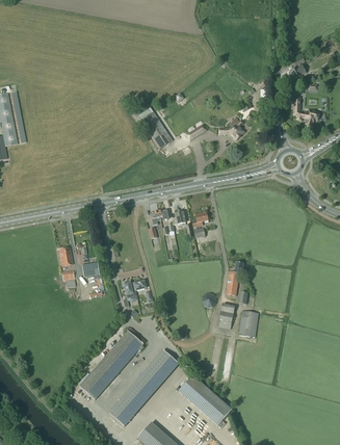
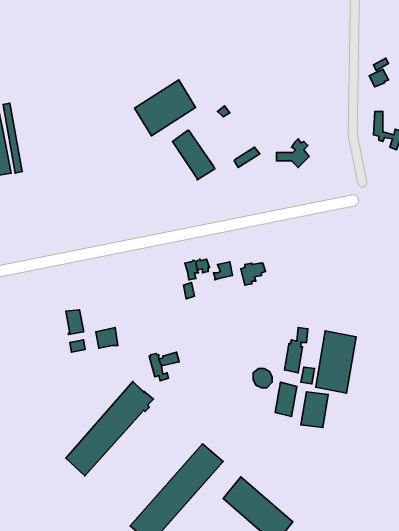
building: none -> [135,80,196,136]
building: none -> [316,331,356,393]
building: [79,328,146,399] -> [66,381,153,476]

